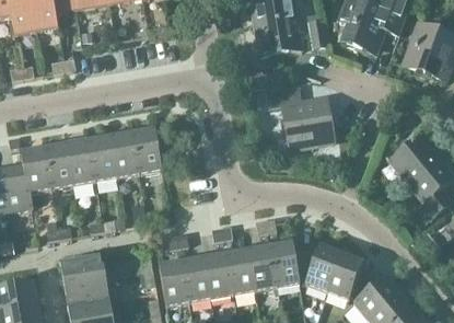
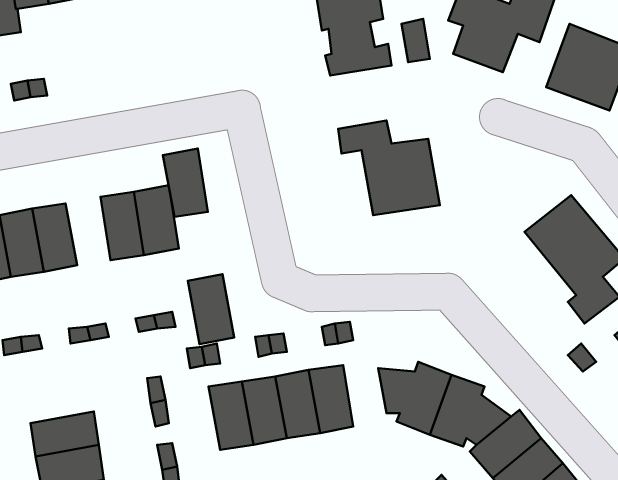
building: [86,136,116,181] -> [163,148,208,217]
building: [269,242,299,287] -> none
building: [59,254,105,285] -> none
building: [158,261,188,307] -> [188,274,234,344]

